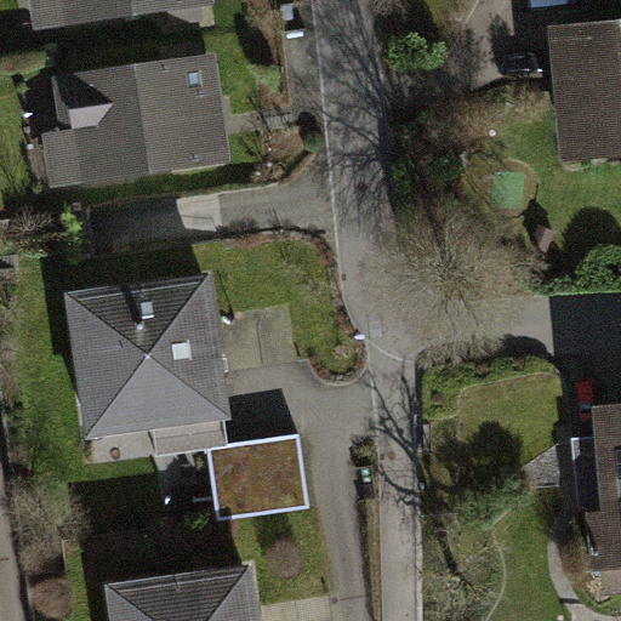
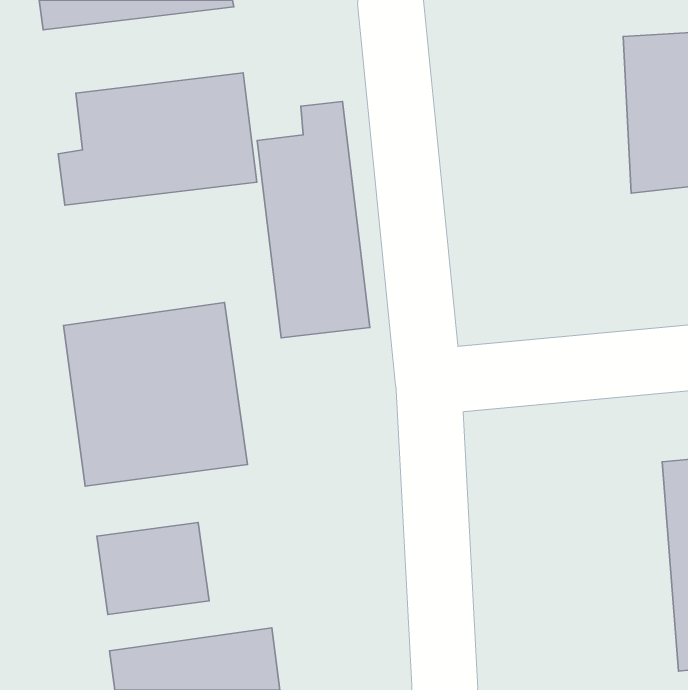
building: none -> [257,102,370,338]
building: [201,435,302,518] -> [97,523,209,614]

